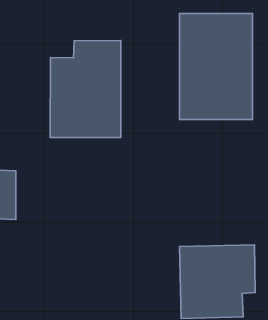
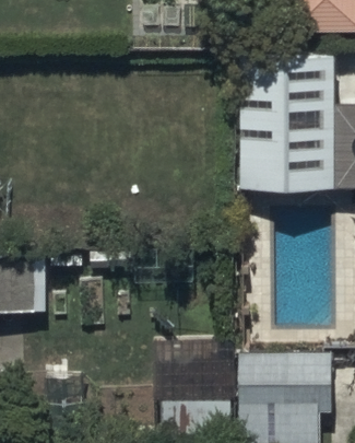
building: [50,40,121,138] -> none

